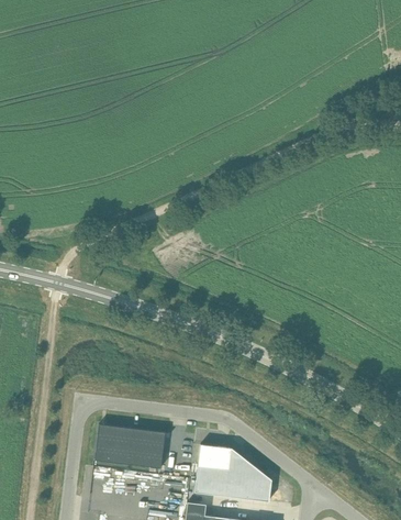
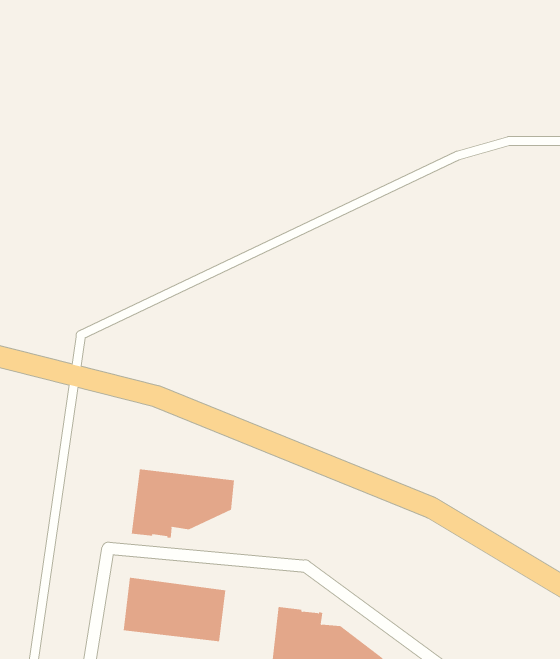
building: none -> [131,468,234,538]

